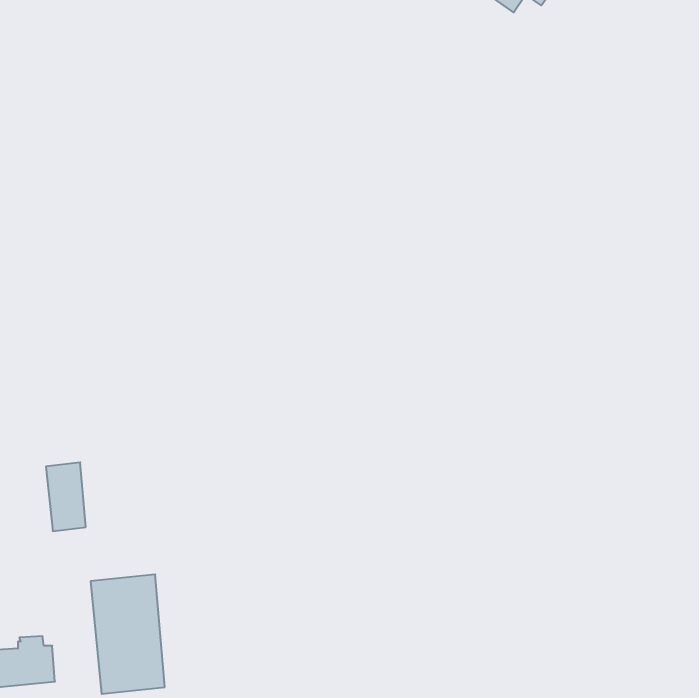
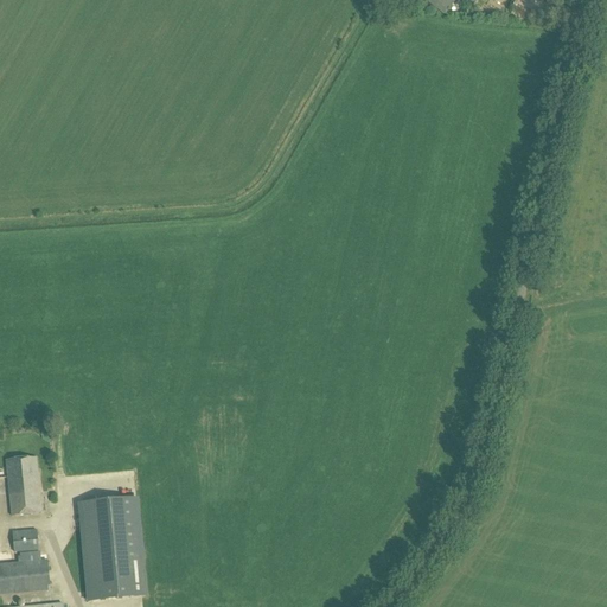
building: [46,462,86,531] -> [5,454,39,513]
building: none -> [9,528,37,550]

